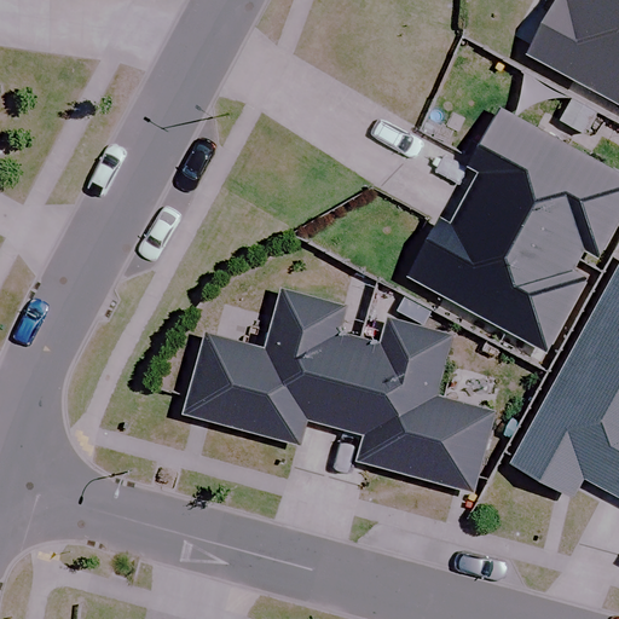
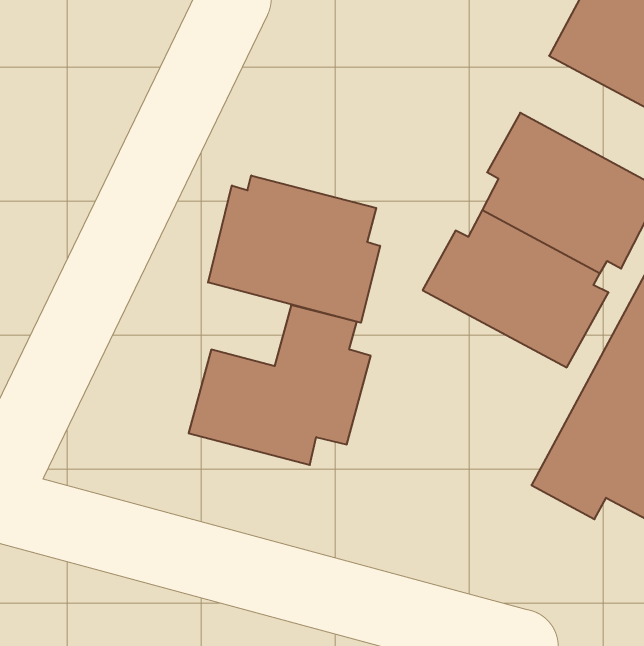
building: none -> [208,175,380,323]
building: [334,319,493,492] -> none

